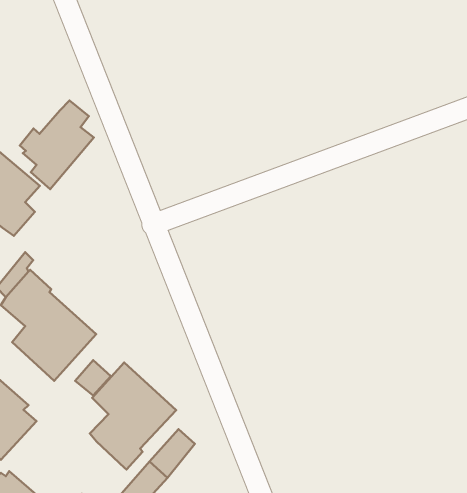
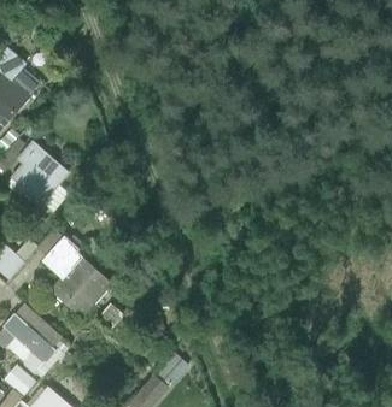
building: [20,101,94,189] -> none
building: [90,362,176,469] -> none

